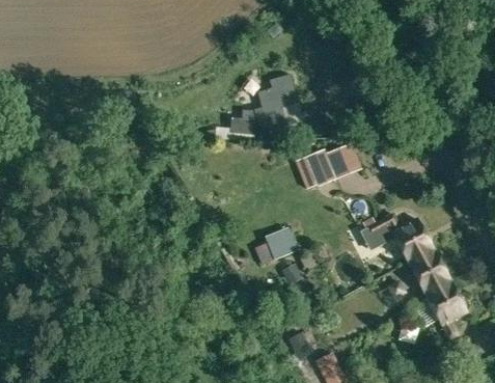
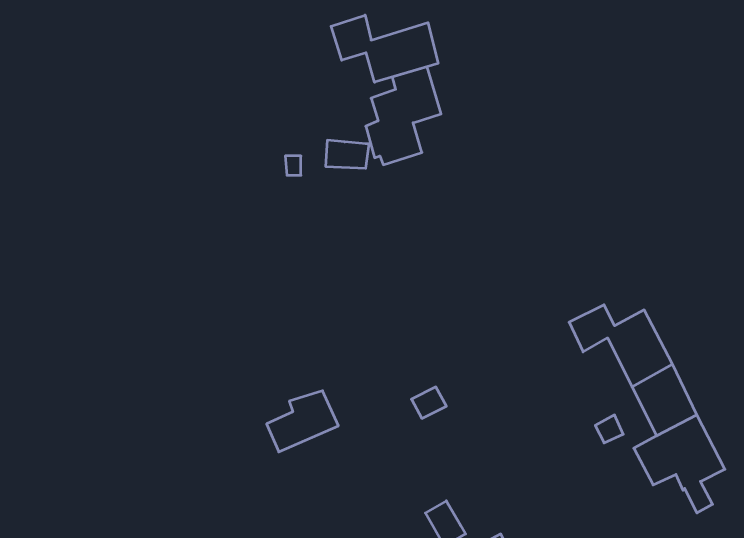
building: none -> [331,15,438,82]
building: [297,143,363,189] -> none
building: [255,228,298,265] -> [267,391,338,452]

